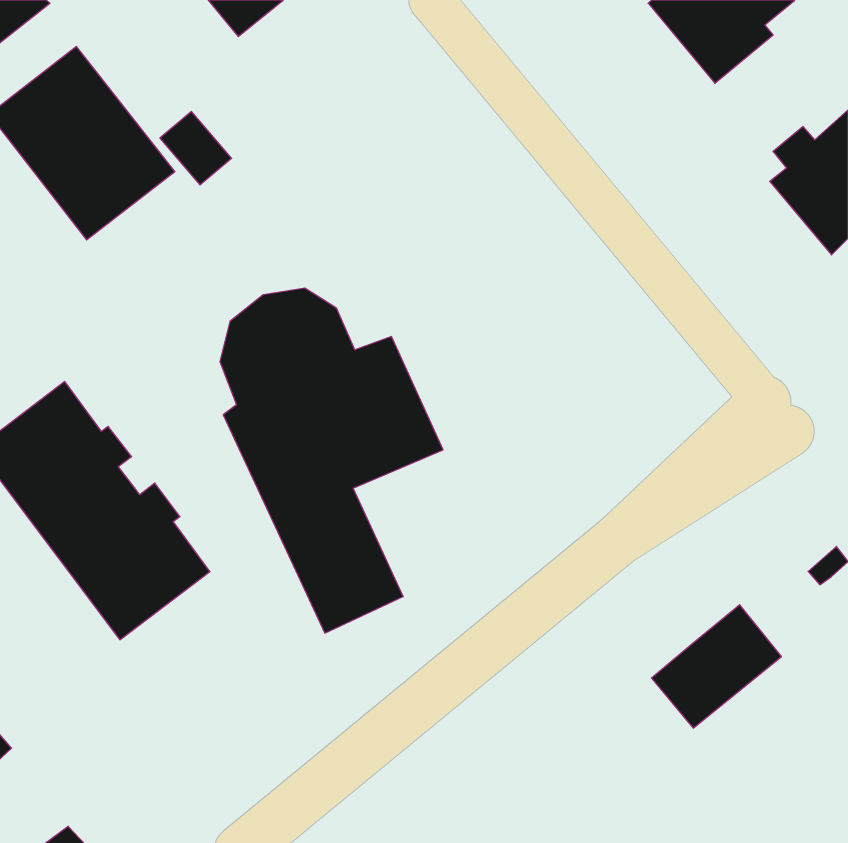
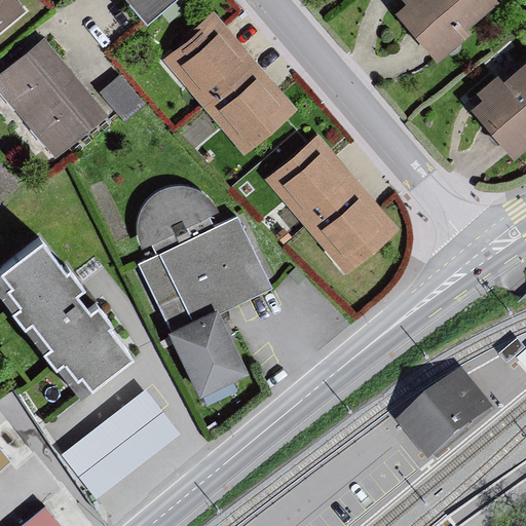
building: none -> [167,13,297,150]
building: none -> [268,144,394,275]
building: none -> [64,398,176,500]

